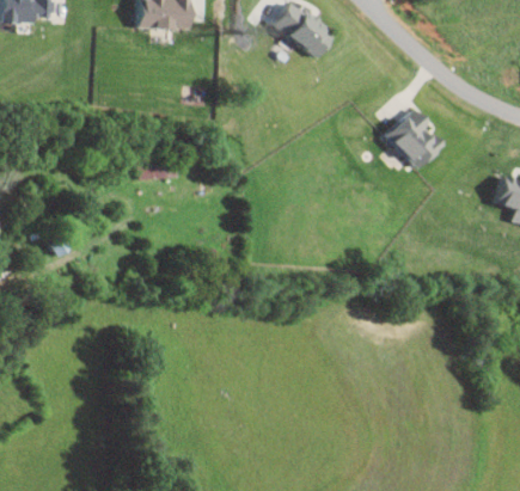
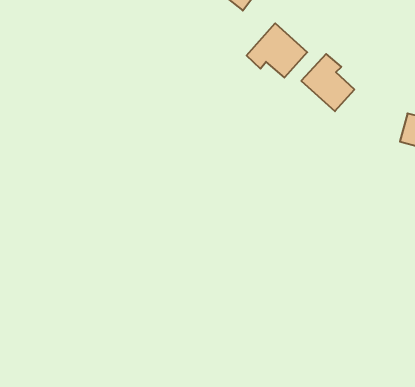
building: none -> [247,23,307,78]

